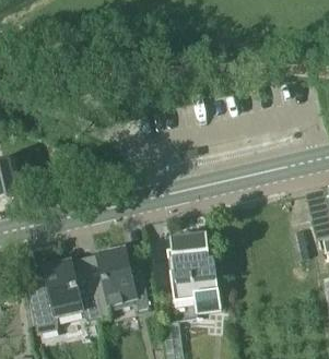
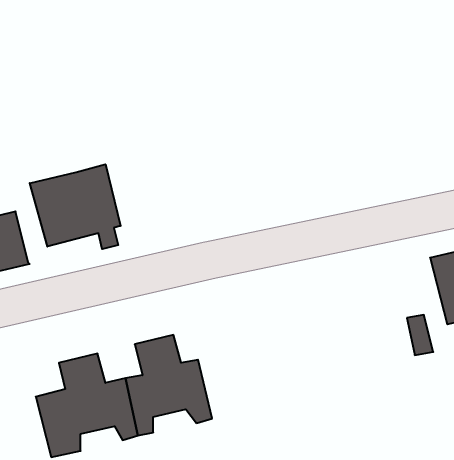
building: none -> [30,164,121,249]
building: [167,228,221,319] -> none

